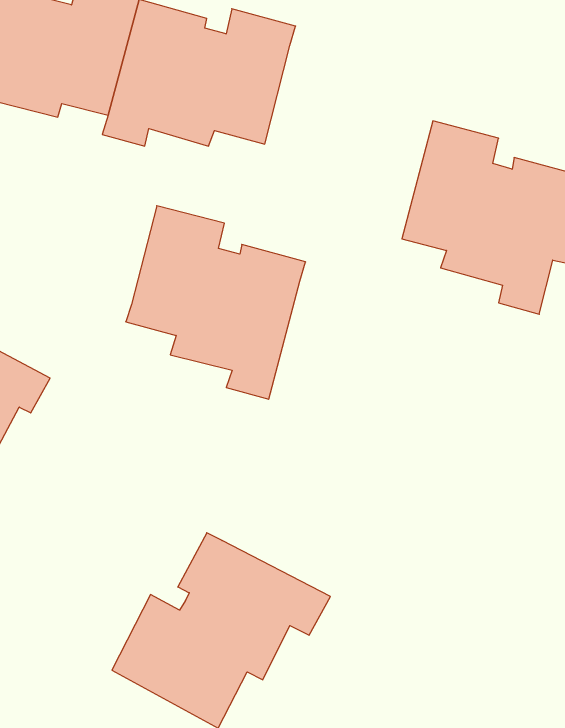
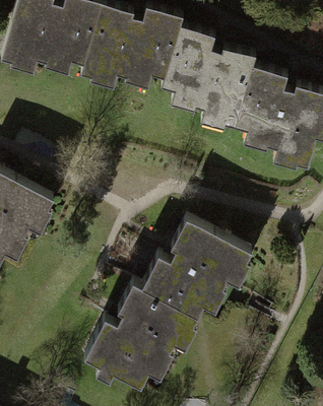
building: [126,206,306,399] -> [162,27,256,129]
building: none -> [142,221,250,317]

